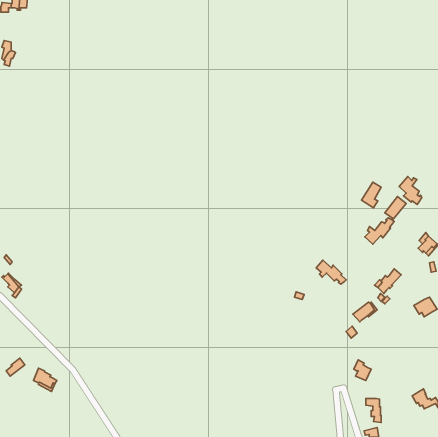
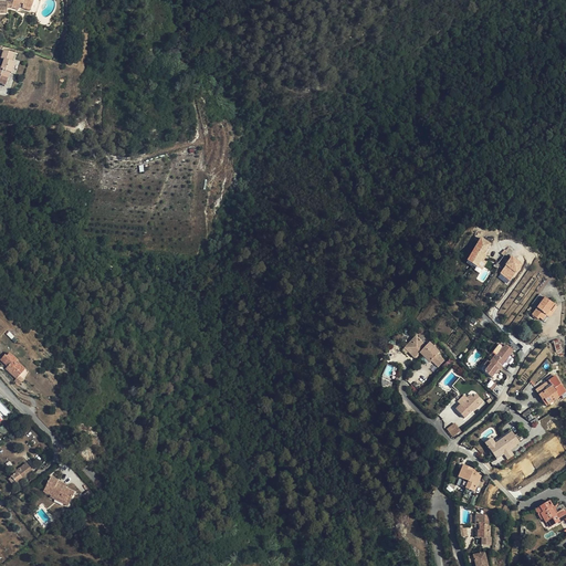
building: [399,176,422,205] -> none
building: [365,218,394,244] -> none
building: none -> [485,430,520,458]

